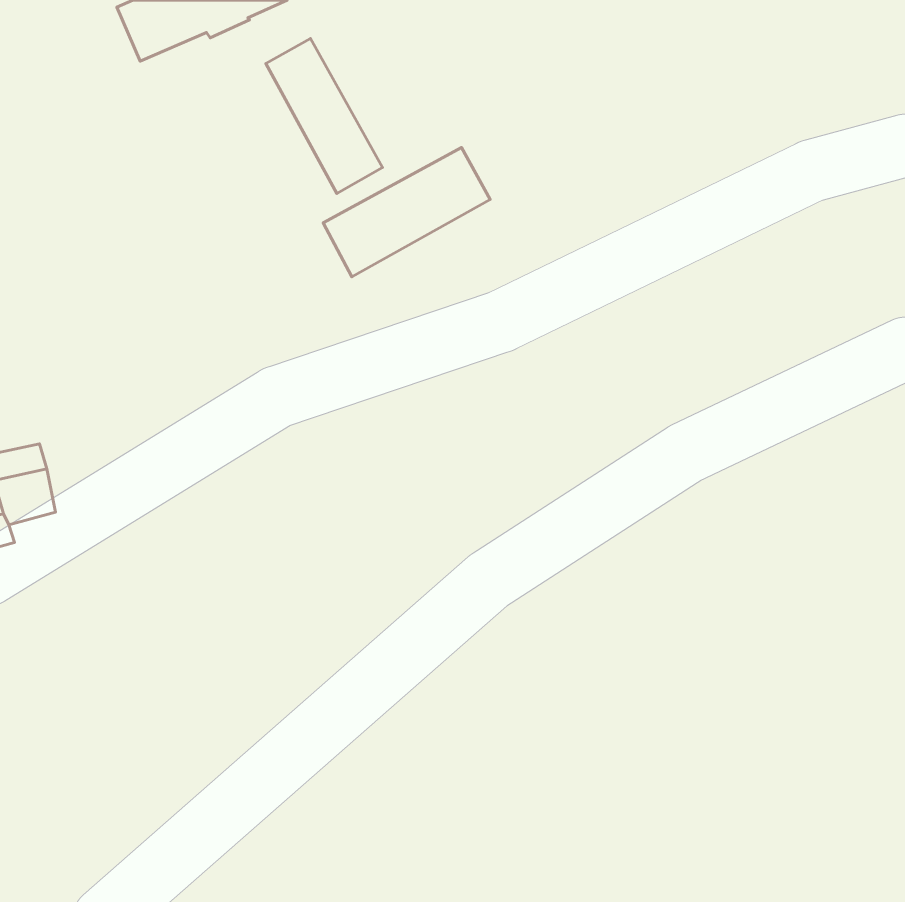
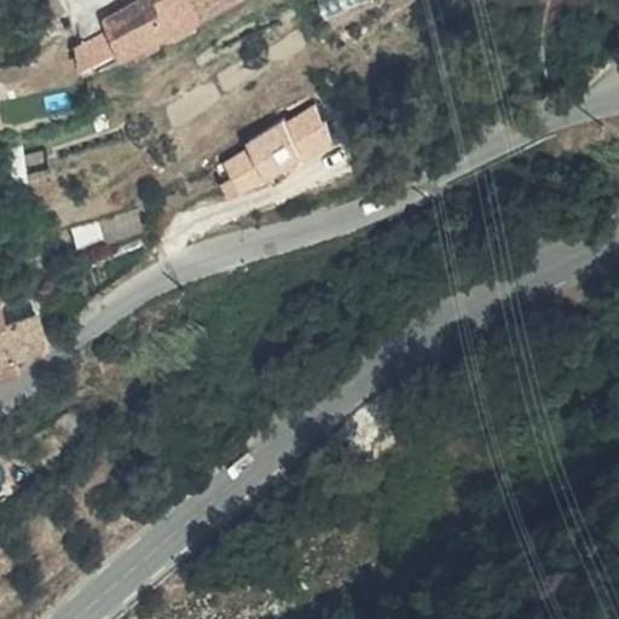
building: [266,39,382,194] -> none

